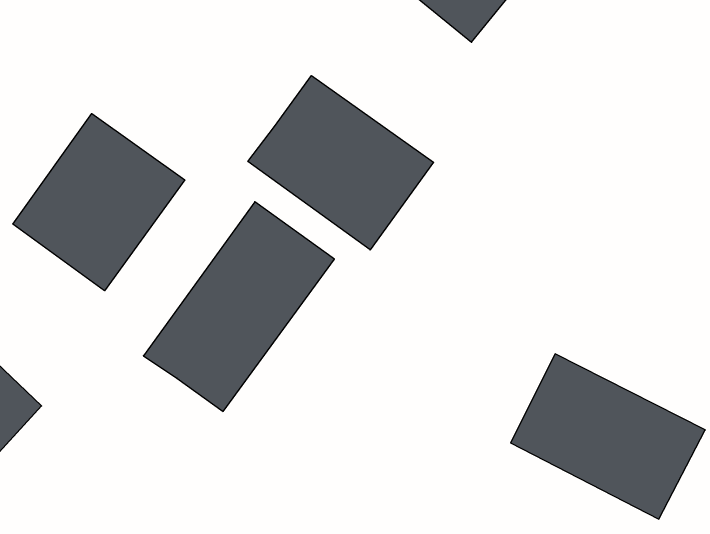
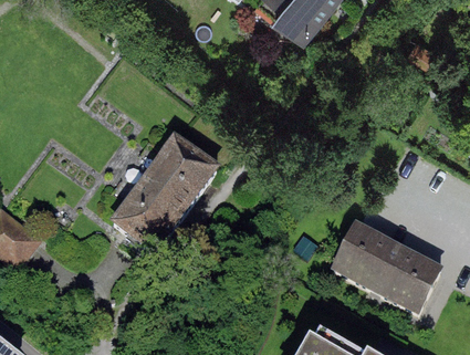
building: [248,76,434,250] -> none
building: [13,114,185,291] -> none

